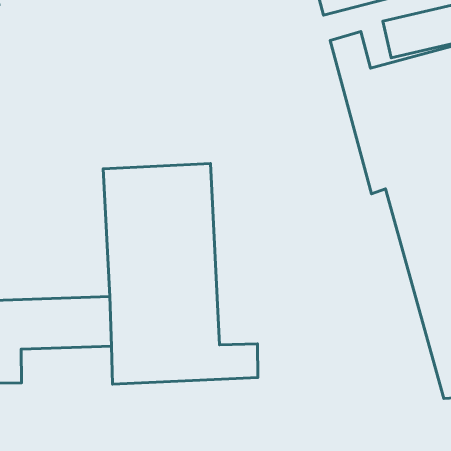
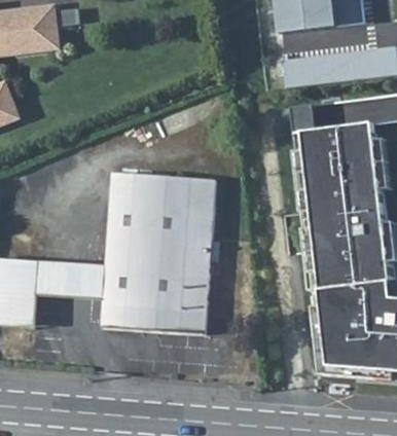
building: none -> [178,179,216,311]

